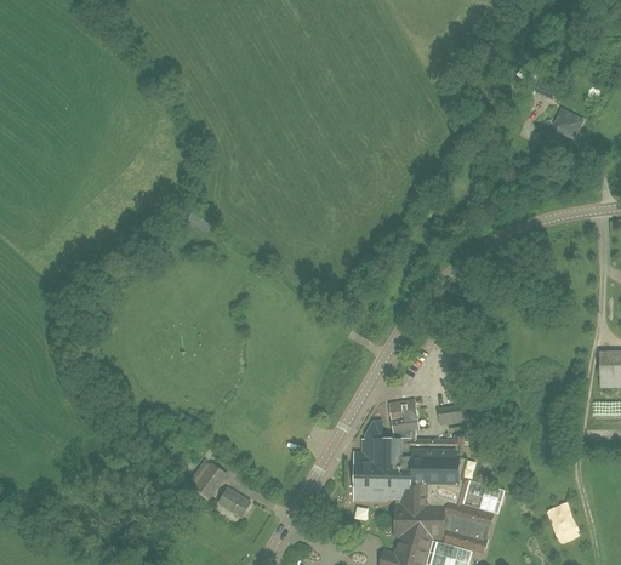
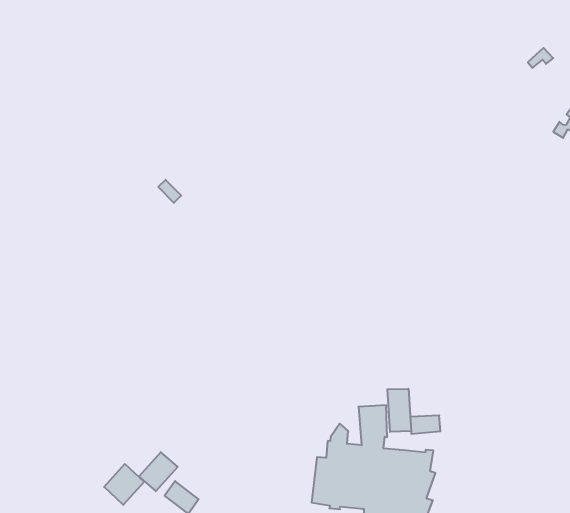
building: none -> [387,389,411,432]
building: none -> [104,464,144,505]

